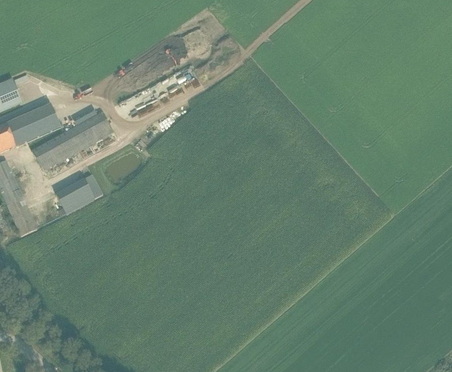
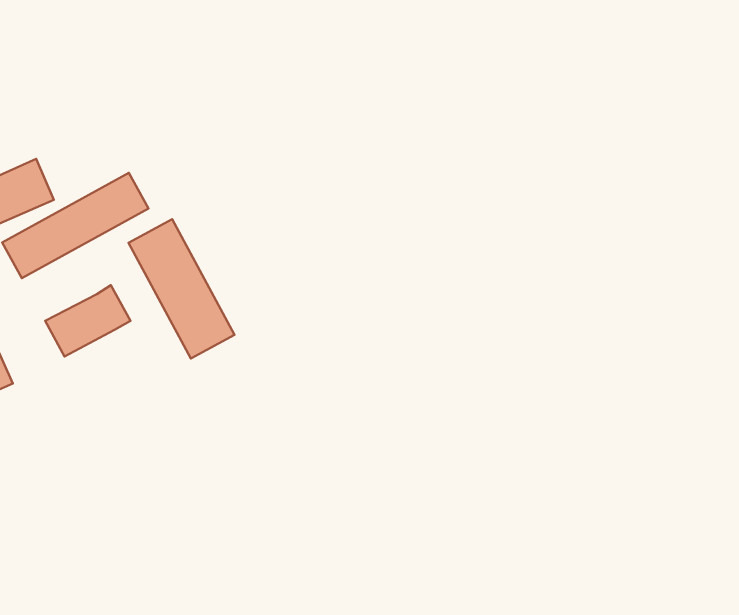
building: none -> [128,219,235,358]

